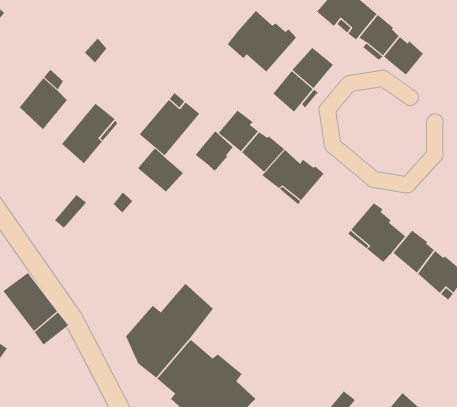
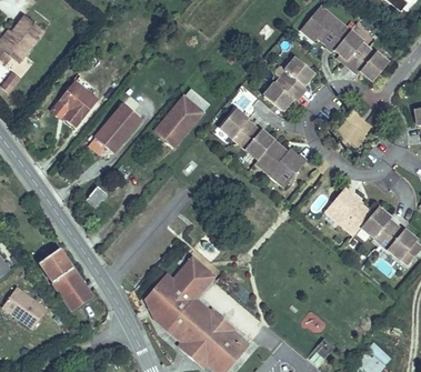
building: [227,10,297,72] -> none
building: [195,130,234,171] -> none
building: [137,148,184,192] -> none

